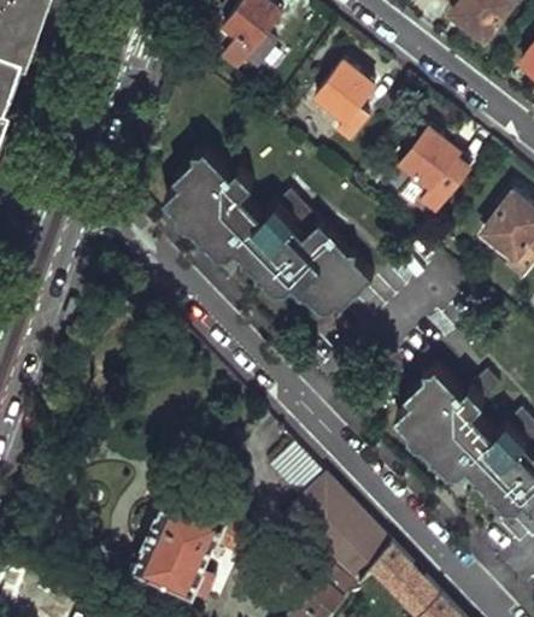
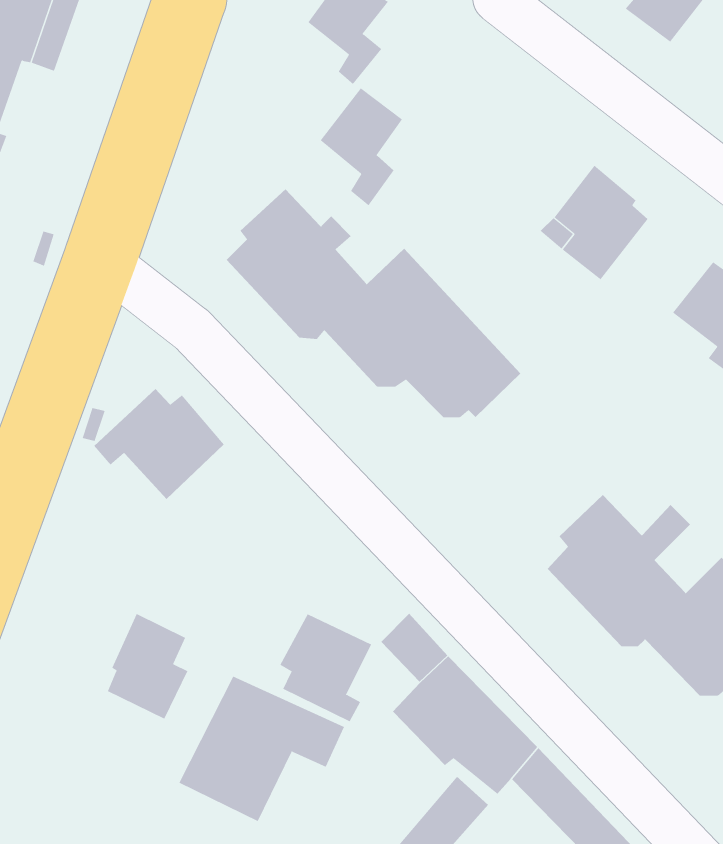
building: [313,65,372,149] -> [320,87,403,206]
building: none -> [94,388,224,500]
building: none -> [107,613,188,720]
building: none -> [279,614,372,722]

